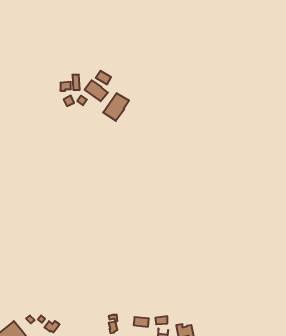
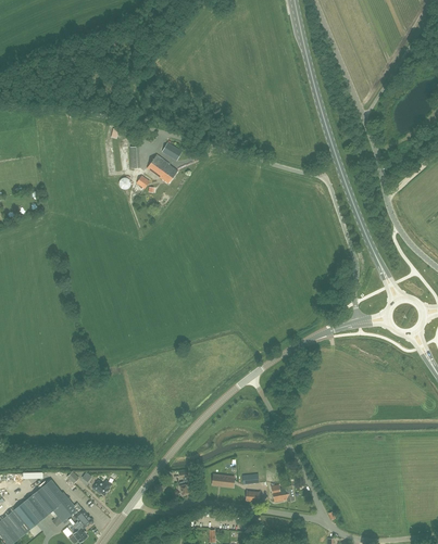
building: [103,93,129,121] -> none

